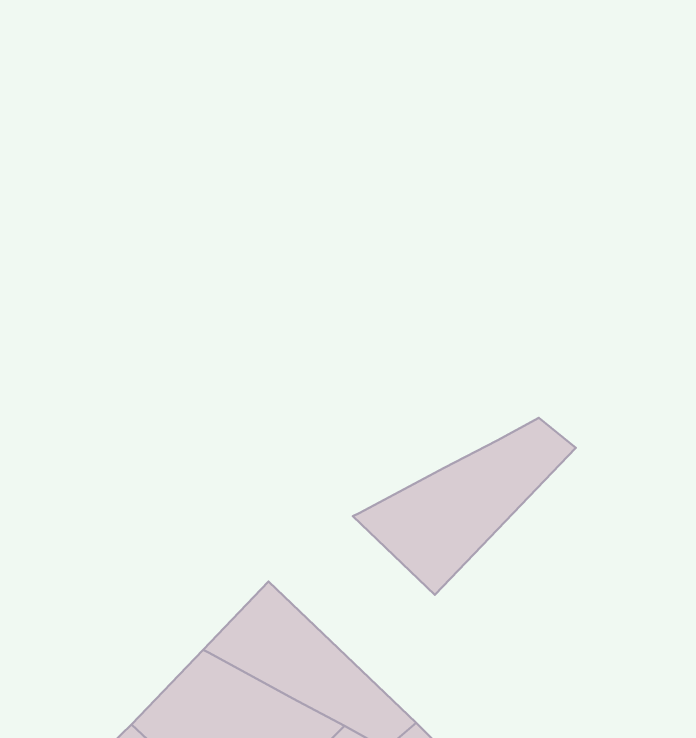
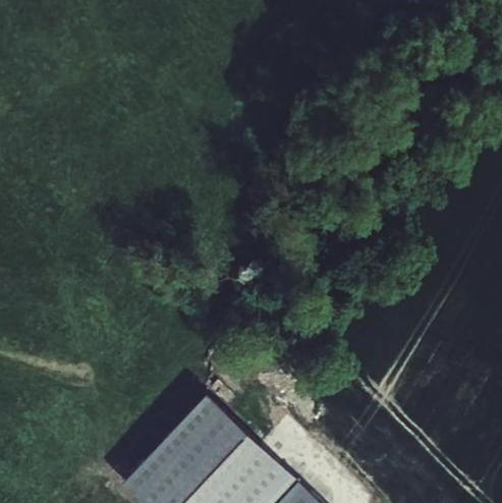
building: [353,418,576,595] -> none

